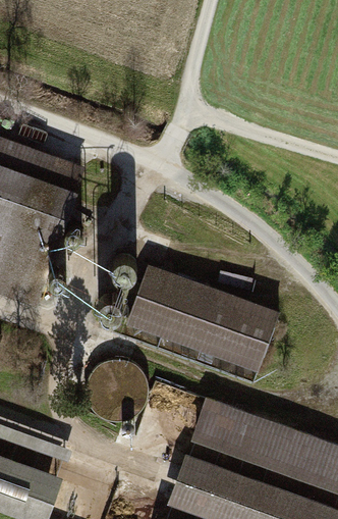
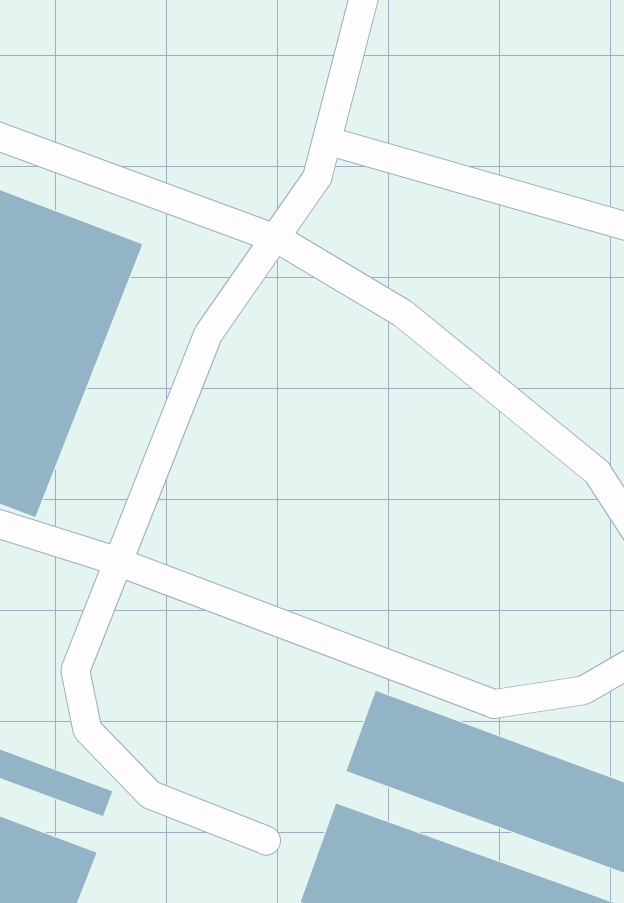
building: [125,264,281,372] -> none
building: [82,358,149,424] -> none

